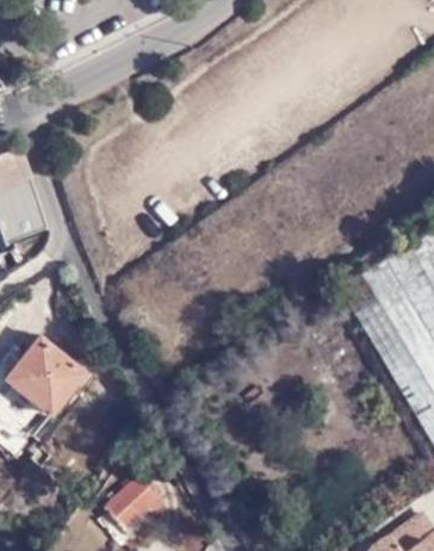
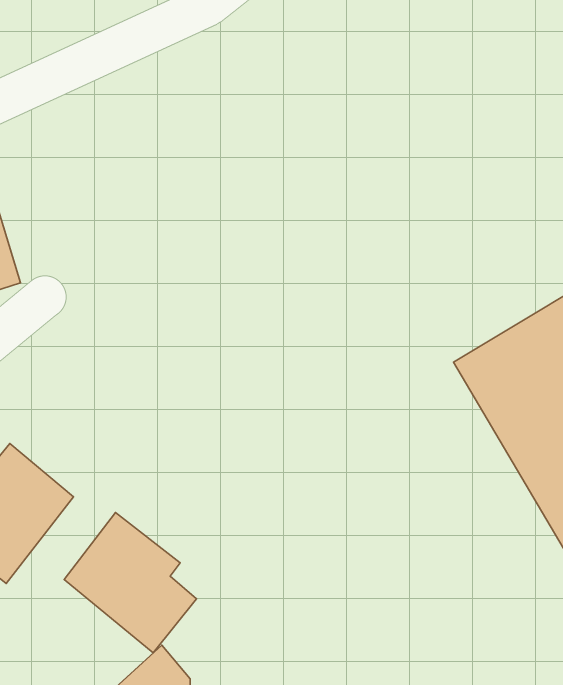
building: none -> [64,512,196,653]

